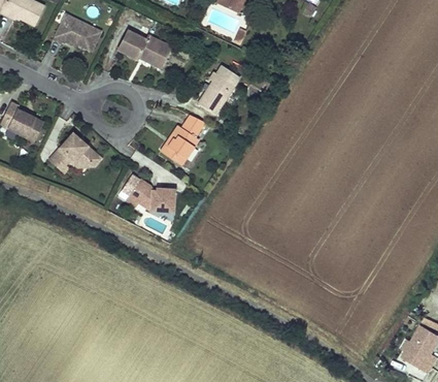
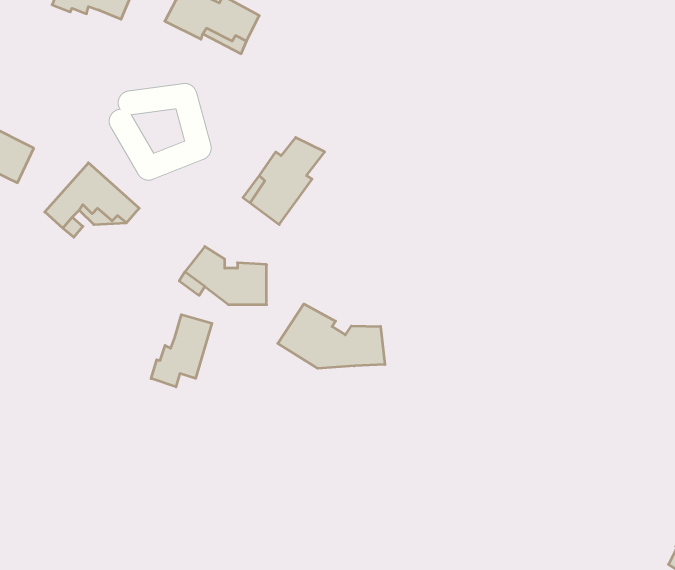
building: [201,68,243,116] -> none
building: none -> [278,304,385,368]
building: none -> [151,315,212,387]

